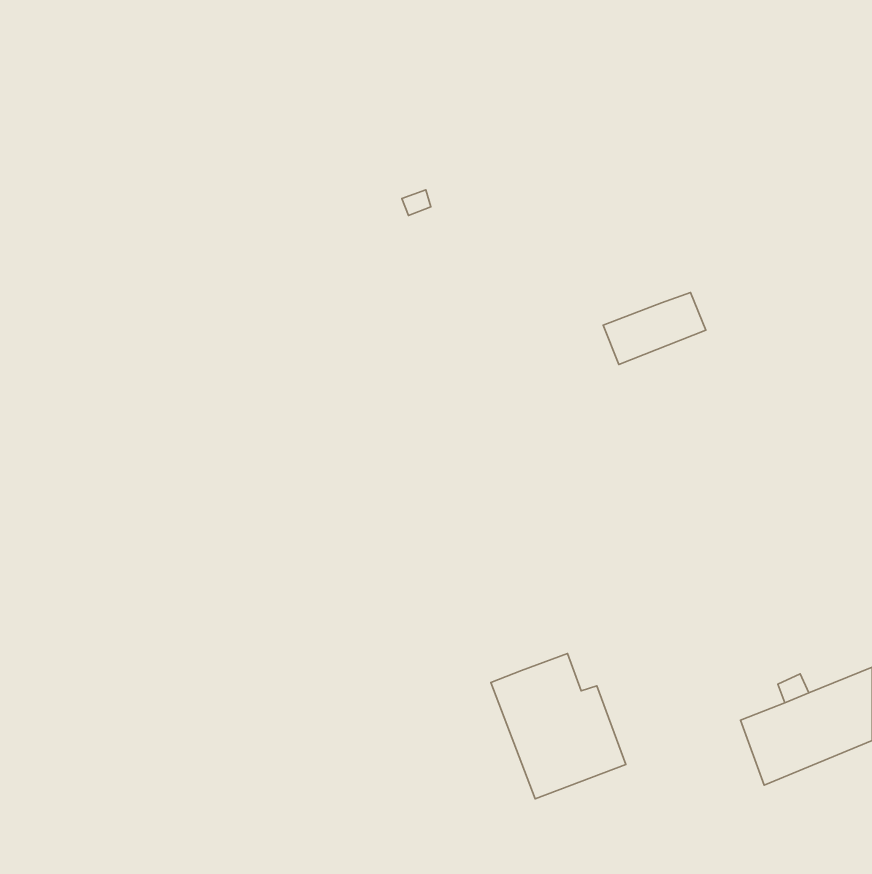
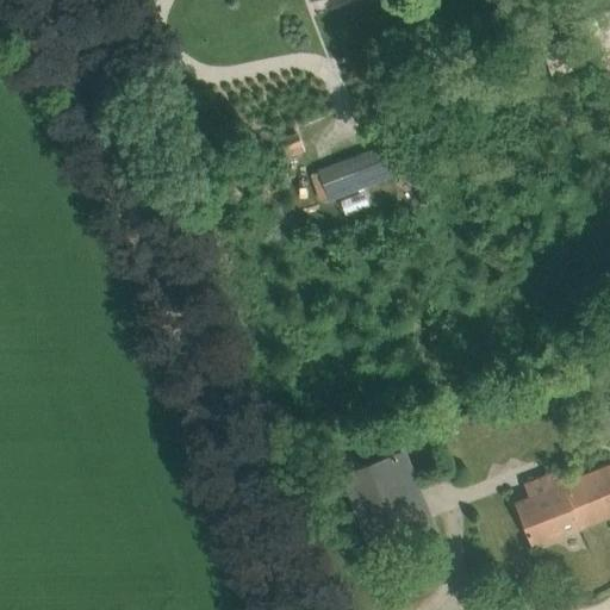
building: [603,293,706,364] -> [319,148,391,198]

